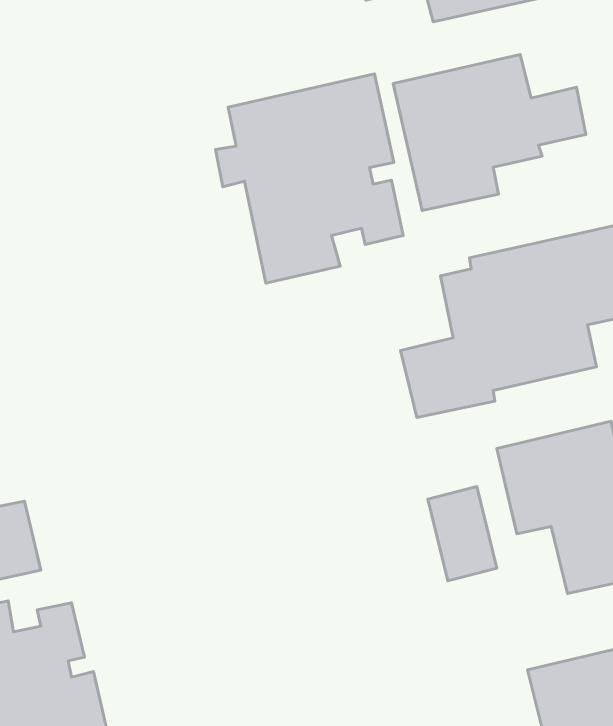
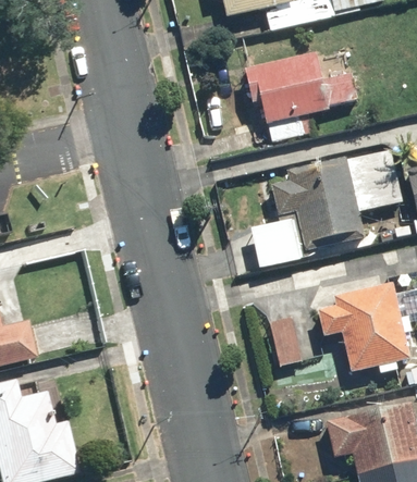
building: [215,74,403,283] -> none

